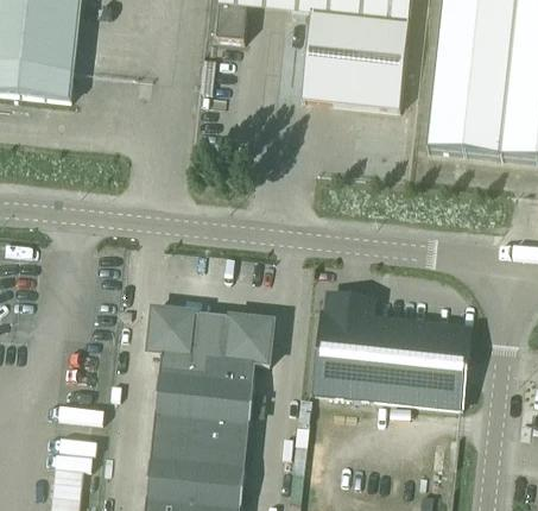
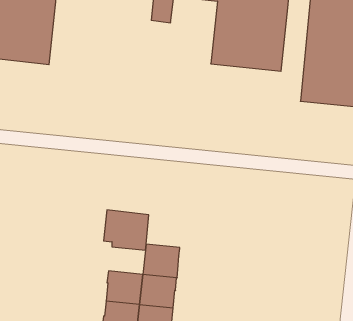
building: [314,291,470,408] -> none
building: [209,314,273,364] -> none
building: [156,359,208,398] -> none

